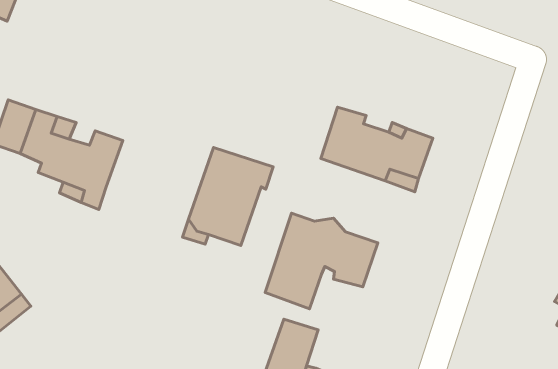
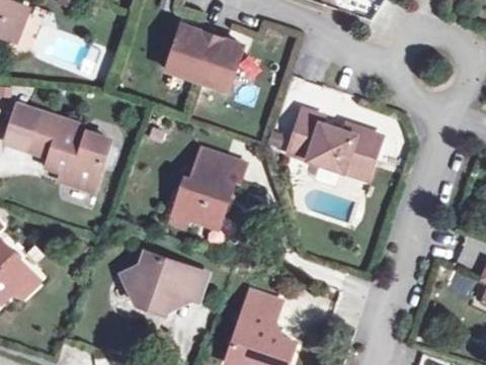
building: none -> [164,29,242,95]
building: [265,213,378,309] -> none
building: none -> [119,250,209,314]

